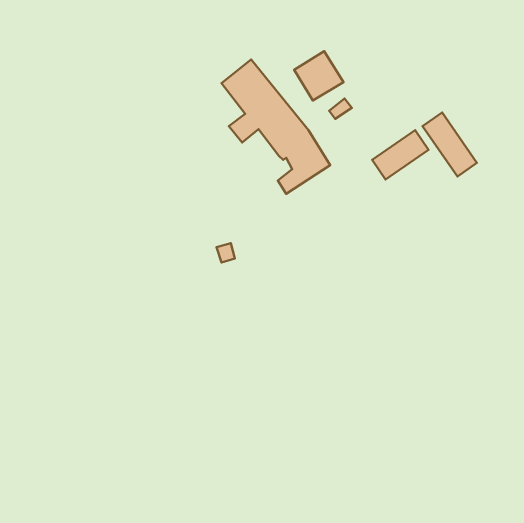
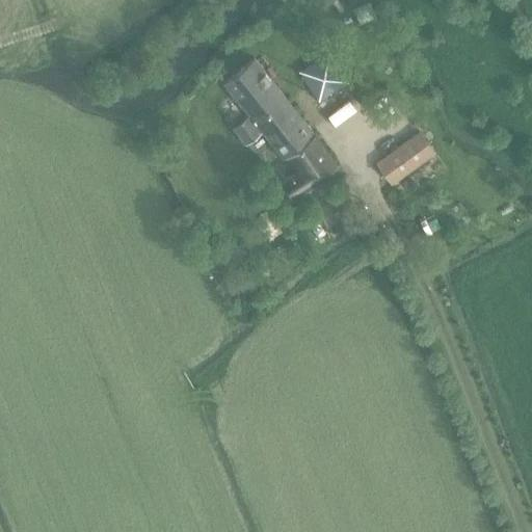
building: [423,112,477,176] -> none

